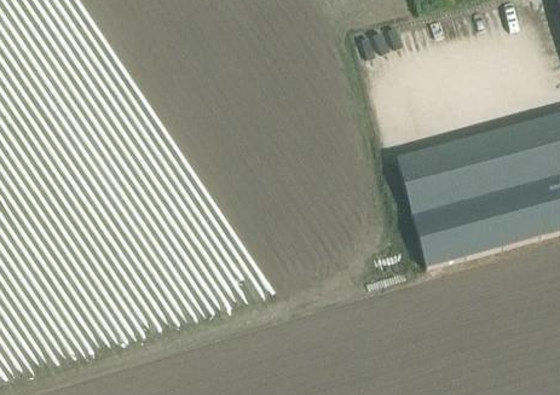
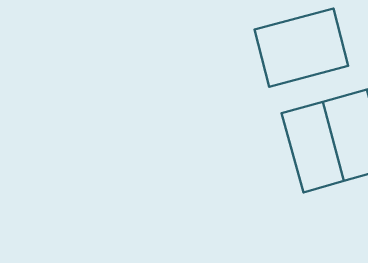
building: none -> [255,9,348,87]

